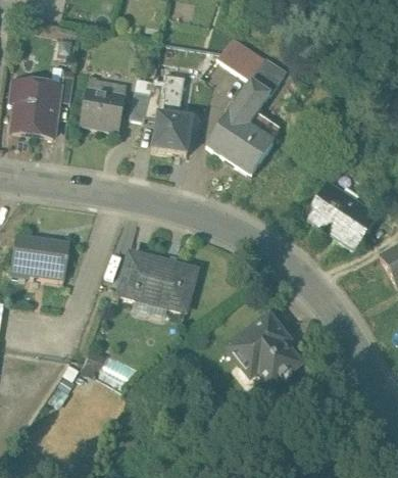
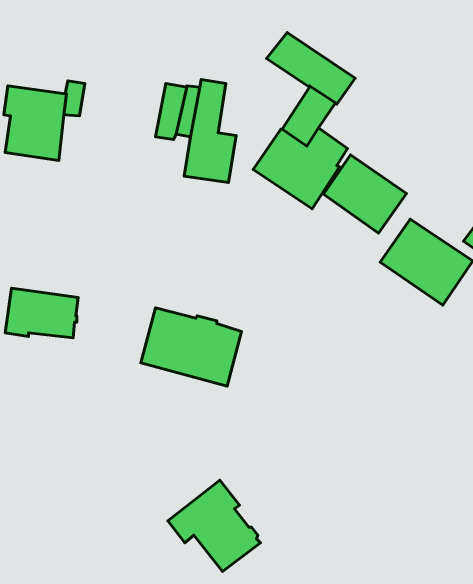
building: [79,87,125,130] -> none
building: none -> [324,155,406,233]
building: [228,315,300,386] -> [168,480,260,572]

